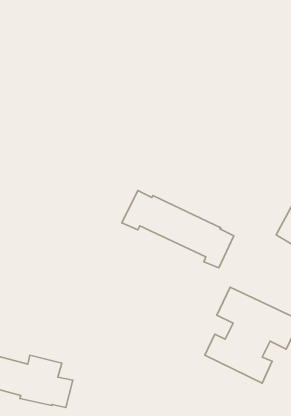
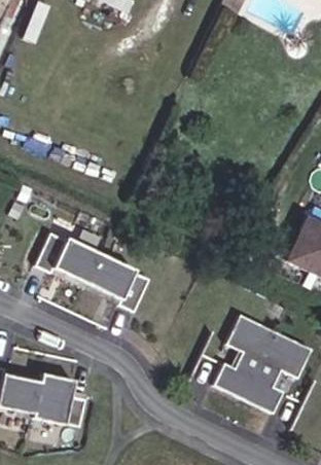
building: [122,191,234,268] -> [35,233,150,312]

